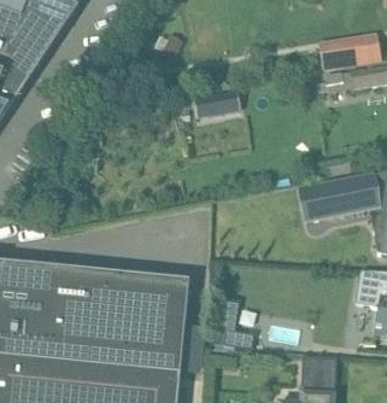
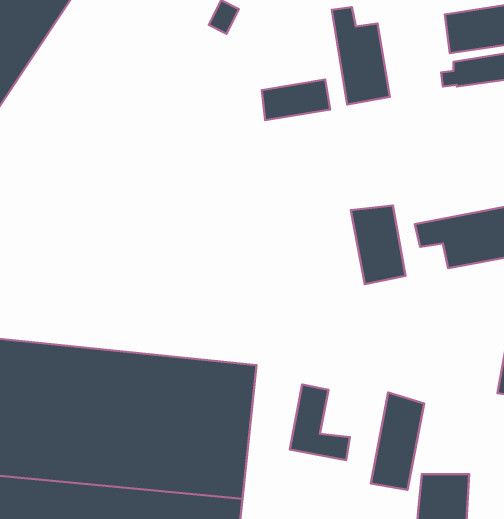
building: none -> [332,7,390,104]
building: none -> [351,205,406,284]
building: none -> [371,393,424,490]

